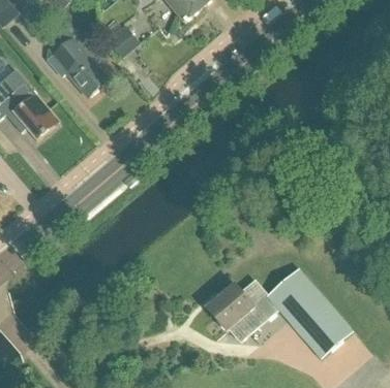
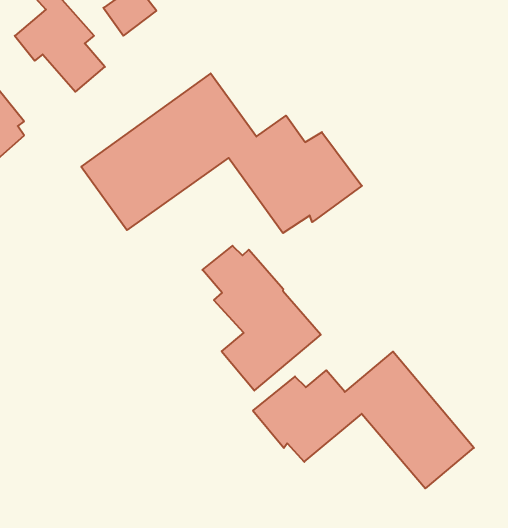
building: none -> [81,73,362,233]
building: none -> [202,246,321,391]

